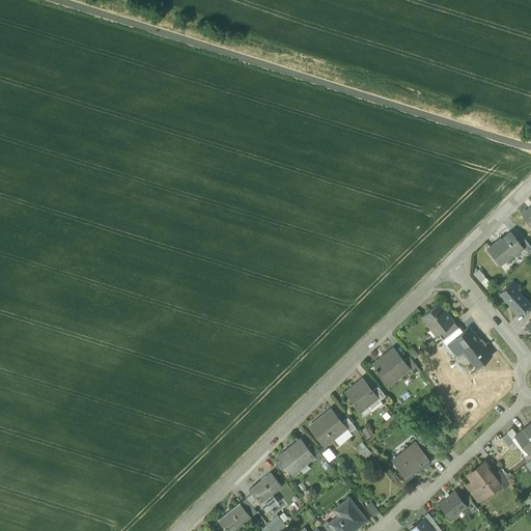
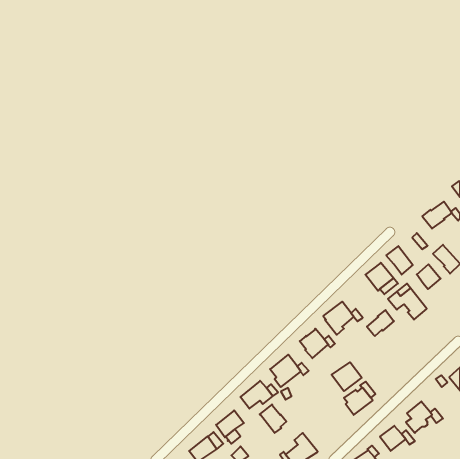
building: none -> [386,246,413,275]
building: none -> [417,264,441,289]
building: none -> [367,310,394,336]
building: none -> [332,362,362,391]
building: none -> [260,404,286,433]

